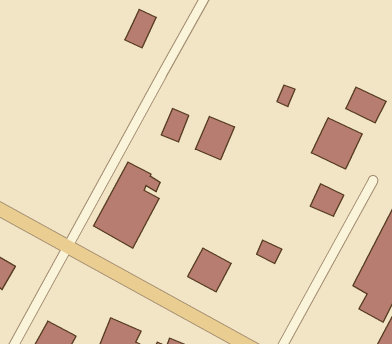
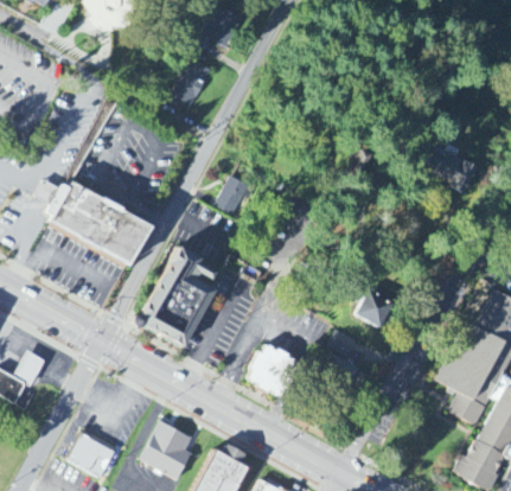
building: [195,116,234,160] -> none
building: none -> [38,185,152,272]
building: [311,118,362,169] -> none
building: [310,184,344,216] -> [356,289,395,327]

